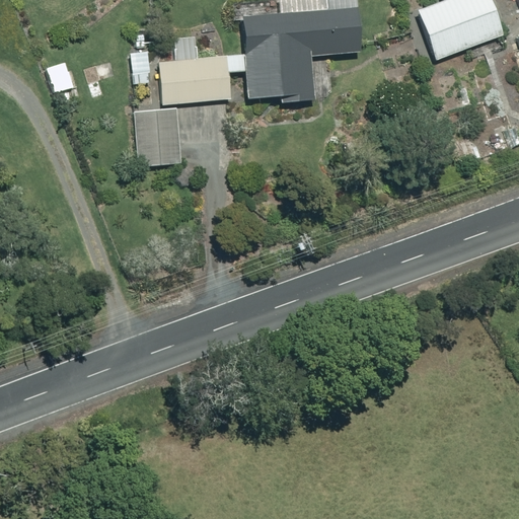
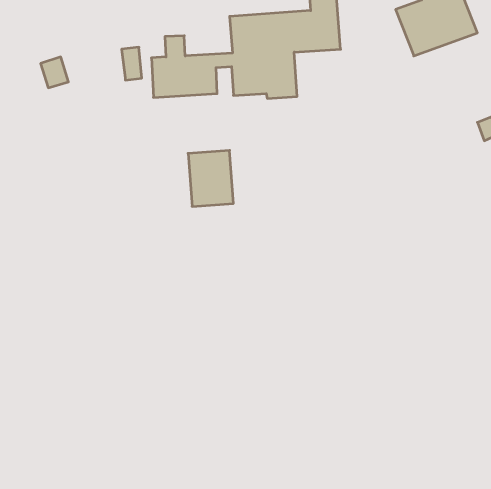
building: [134,106,181,165] -> [188,150,233,206]

